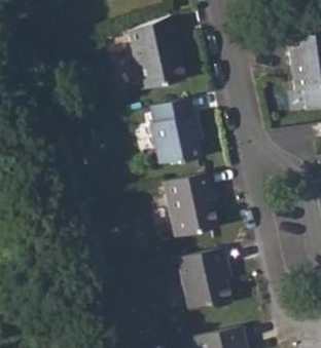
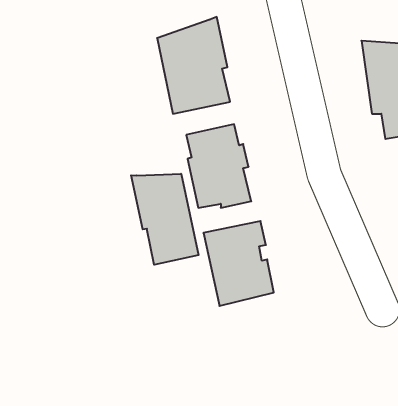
building: none -> [131,174,199,265]
building: [177,248,229,308] -> none

